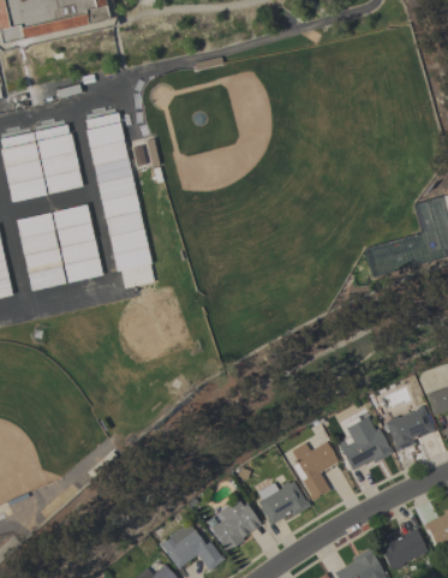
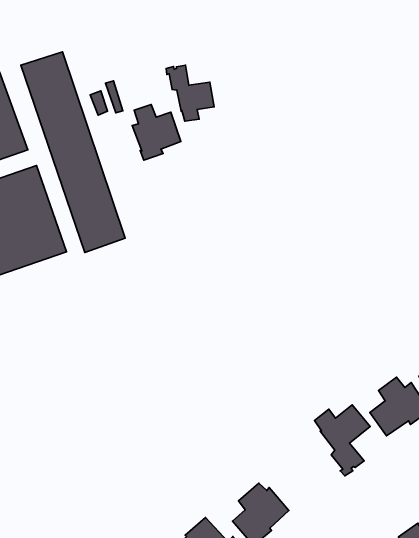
building: none -> [166,65,214,121]
building: none -> [132,104,181,160]
building: [259,479,311,525] -> none

